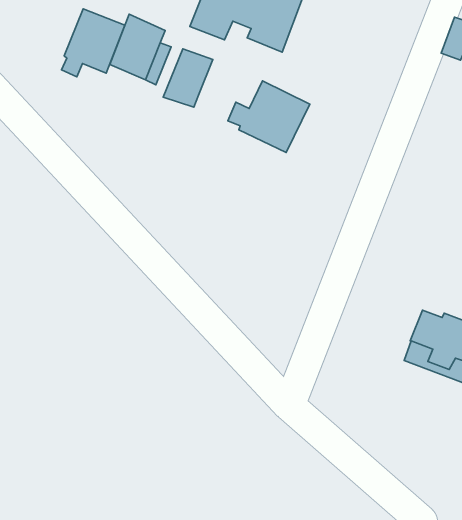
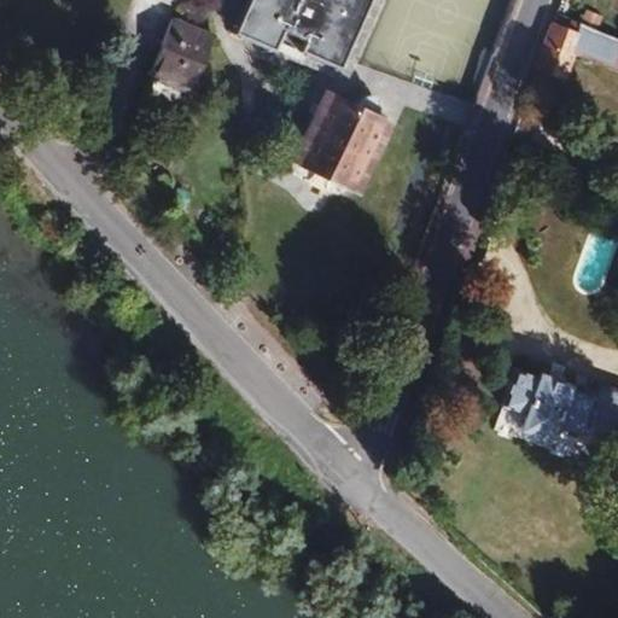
building: [62,9,125,77] -> none
building: [163,49,213,107] -> none

